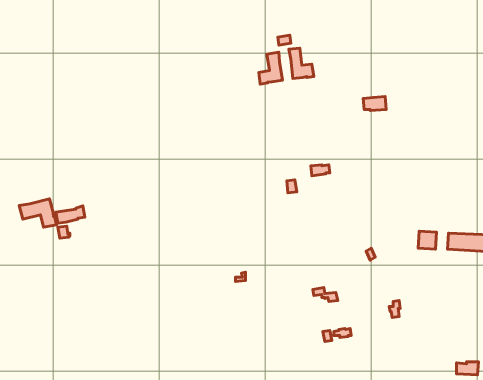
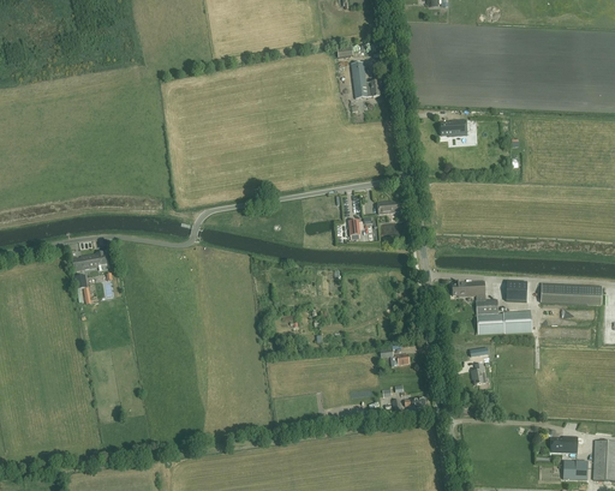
building: [259,52,283,84] -> none
building: [19,199,56,227] -> none
building: none -> [452,281,532,334]

